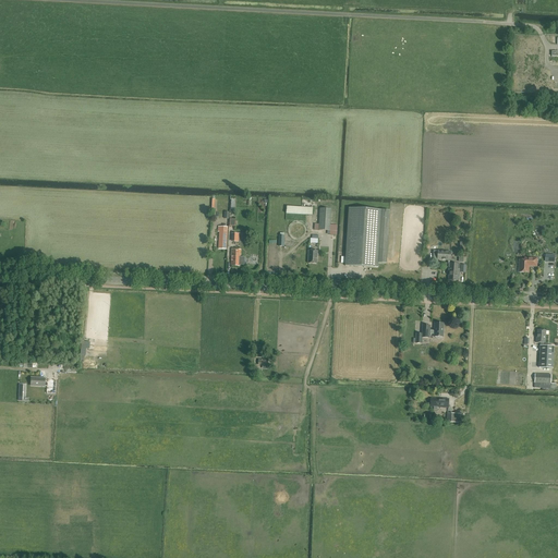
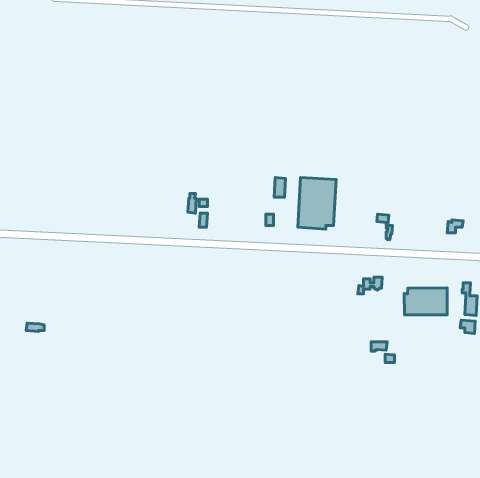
building: none -> [404,288,447,315]

